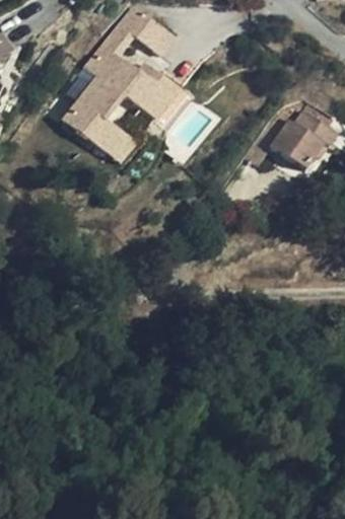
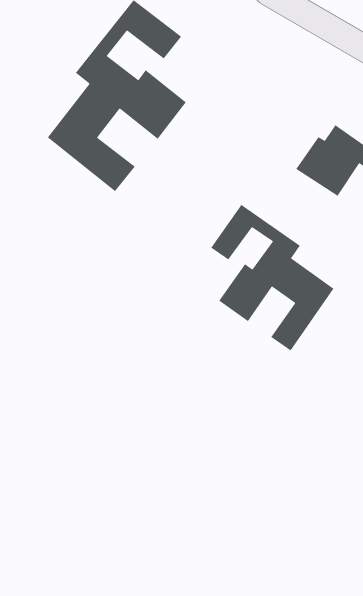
building: none -> [210,204,334,351]

